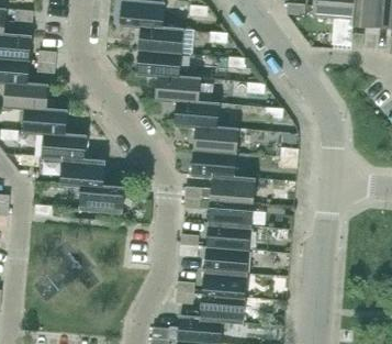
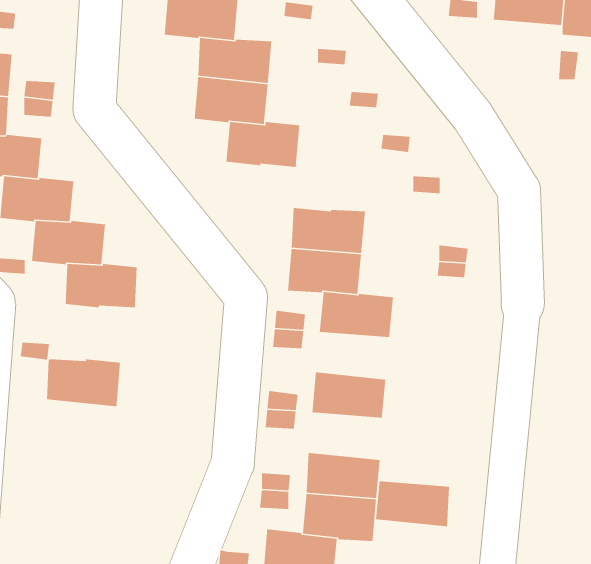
building: [175,100,219,127] -> none
building: [80,184,124,212] -> [46,359,121,407]
building: [209,199,253,226] -> none
building: [204,246,248,274] -> [375,481,450,527]

